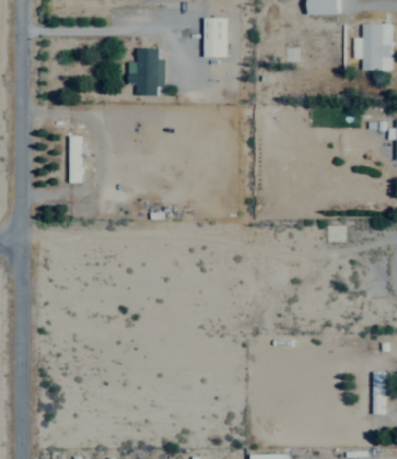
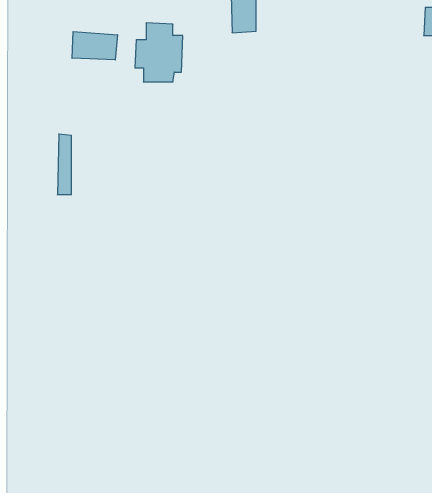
building: none -> [72,32,117,60]

